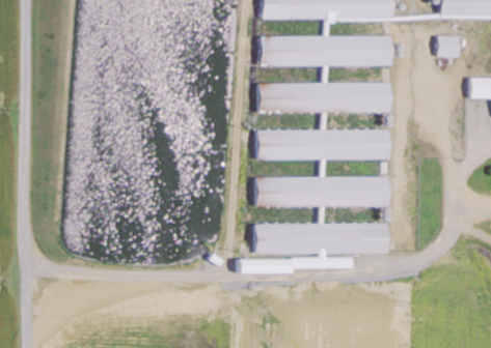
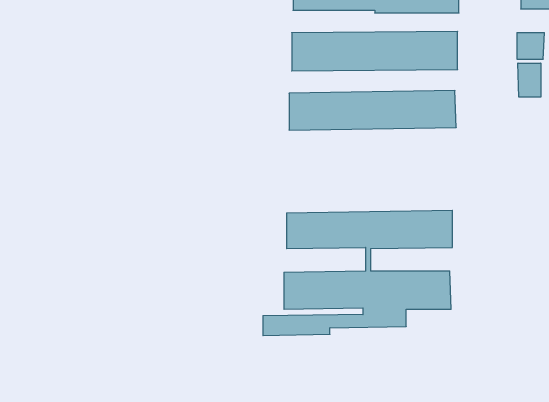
building: none -> [518,63,541,97]
building: [257,129,388,161] -> none

